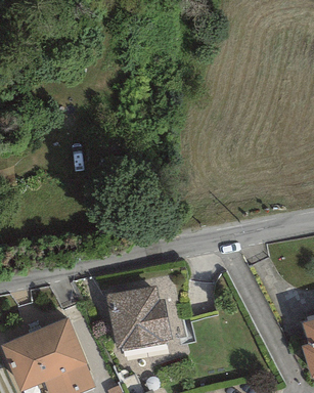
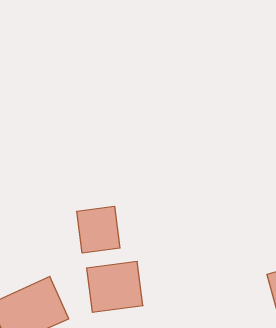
building: none -> [77,206,120,253]

